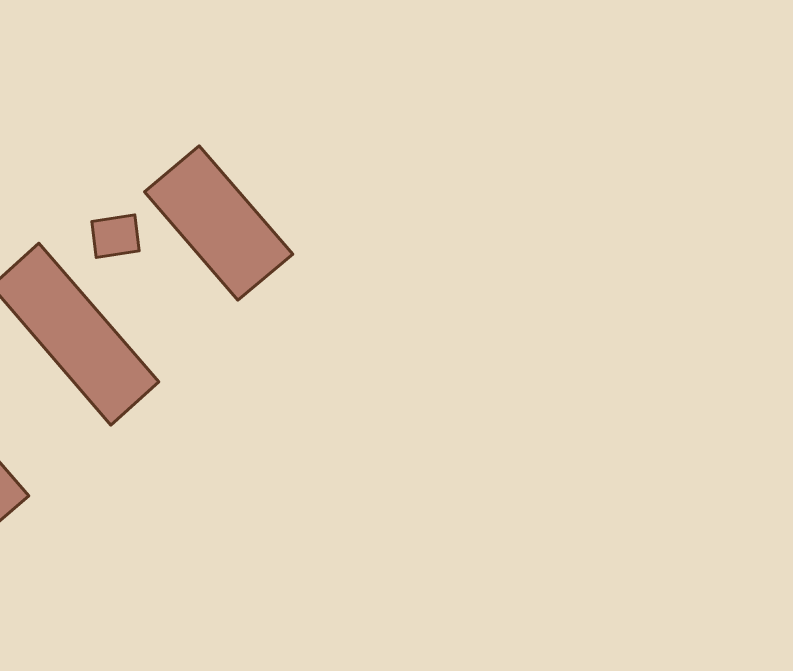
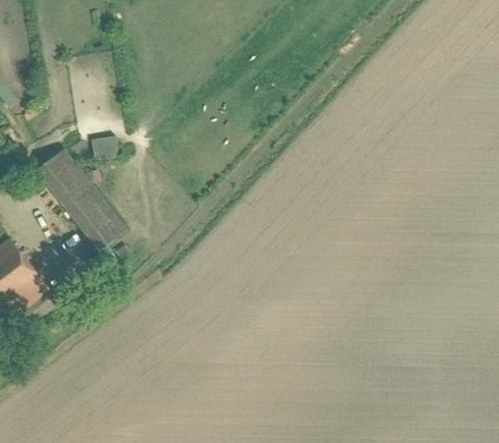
building: [144,146,293,300] -> none

